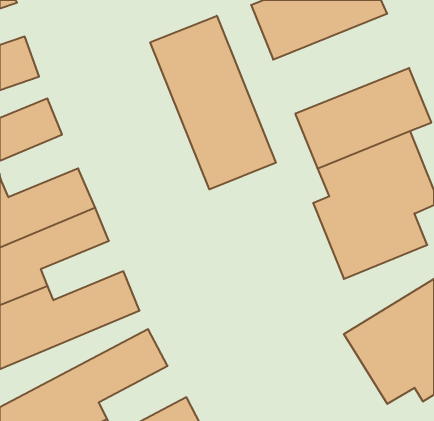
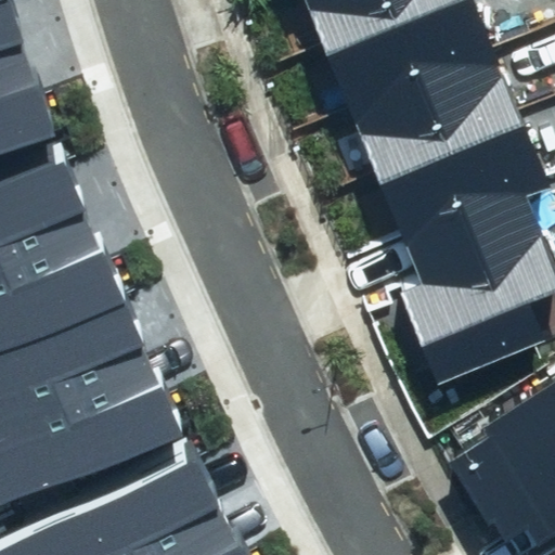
building: none -> [348,35,521,163]
building: [150,16,276,189] -> none

